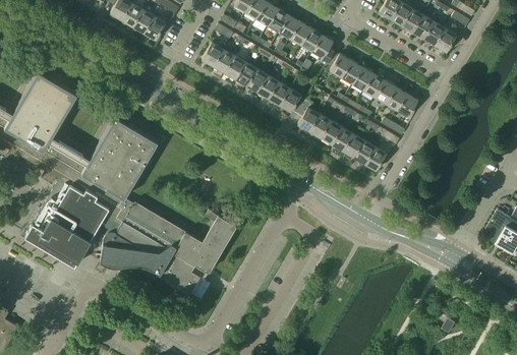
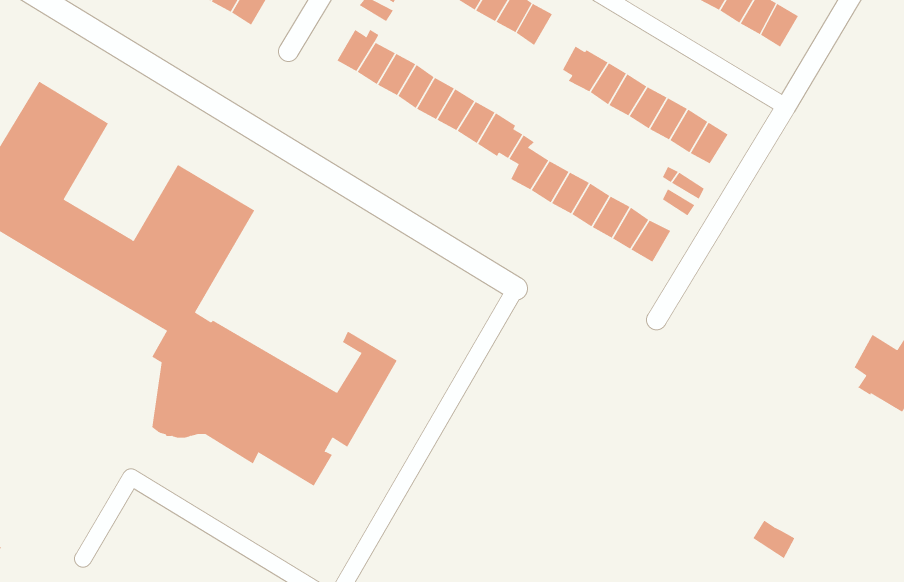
building: [311,35,334,65] -> none
building: [25,179,109,267] -> none

